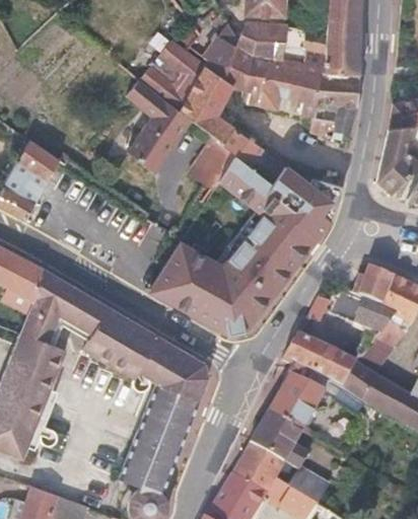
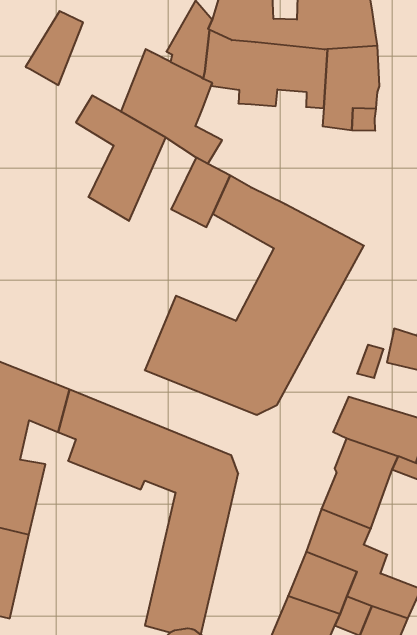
building: [139,42,187,96] -> [26,11,83,85]
building: [220,129,263,167] -> none
building: [273,165,336,223] -> none

